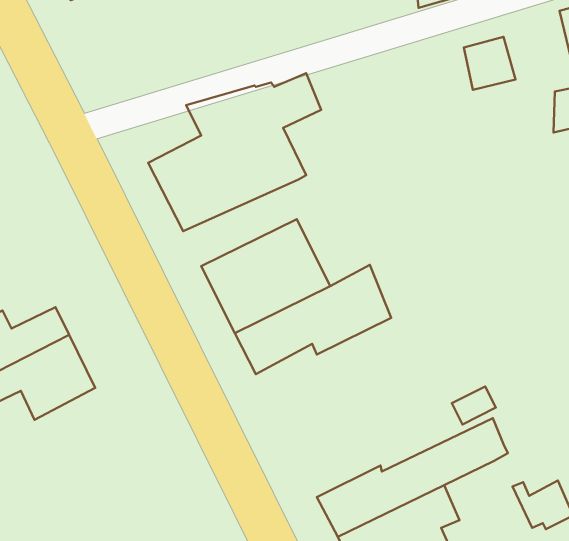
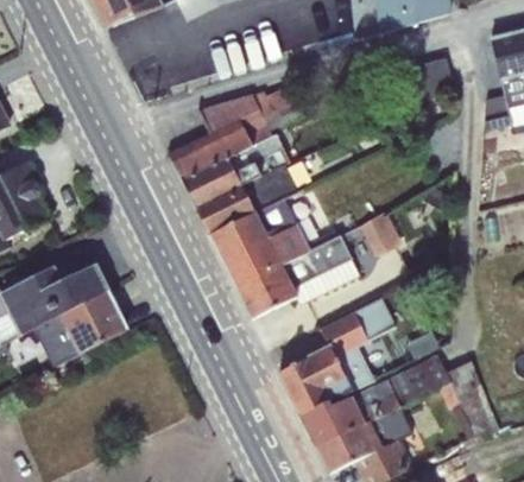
building: none -> [195,166,297,234]
building: none -> [342,210,402,255]
building: none -> [278,294,394,414]
building: none -> [438,361,488,413]

